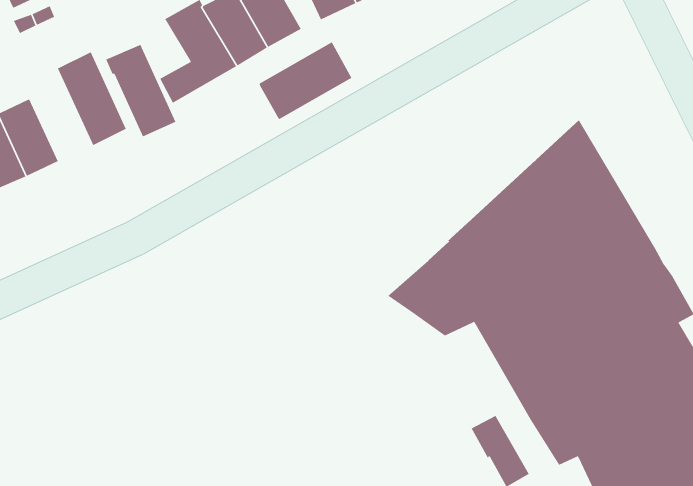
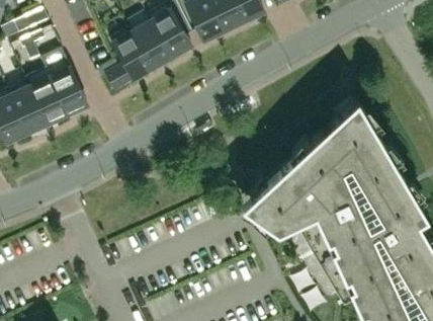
building: [259,41,353,120] -> none
building: [105,44,177,137] -> [24,69,67,125]

